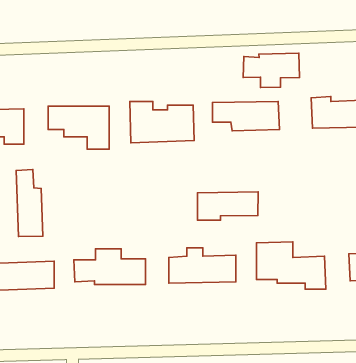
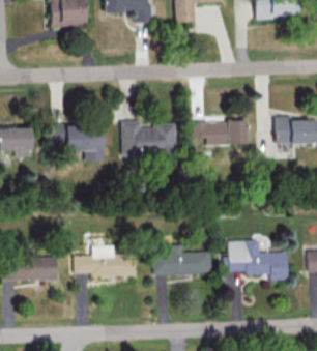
building: [243,53,299,87] -> none
building: [16,169,43,237] -> none
building: [198,192,258,220] -> none

